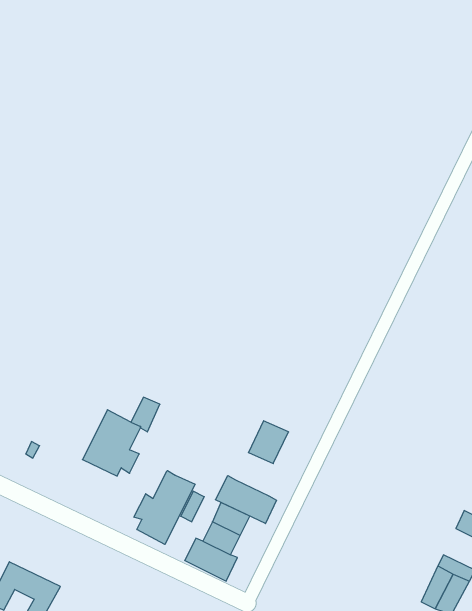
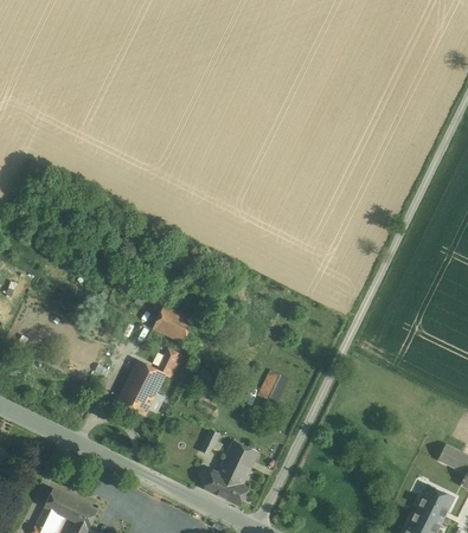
building: none -> [153,303,194,342]
building: [134,471,195,544] -> none
building: [215,476,277,524] -> none

